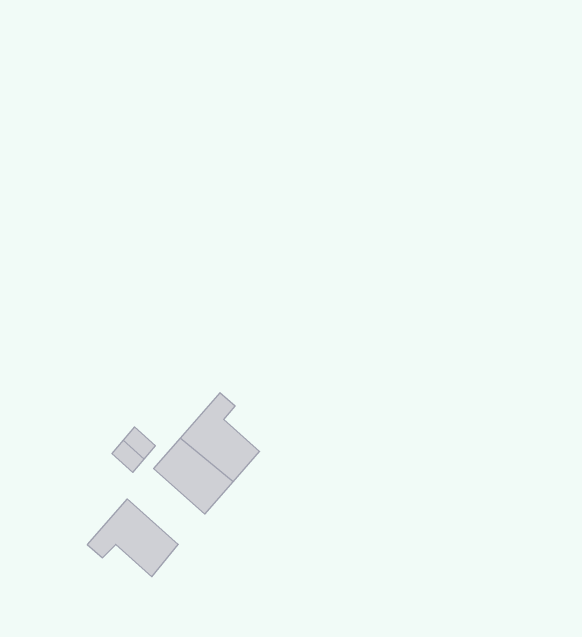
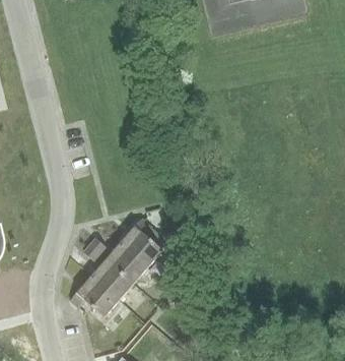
building: none -> [91,259,133,300]

